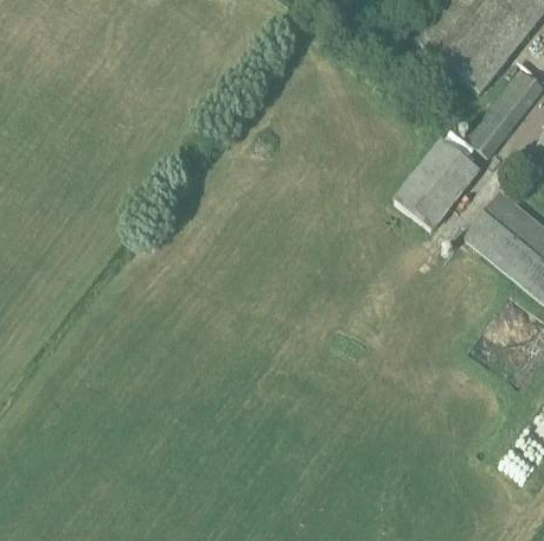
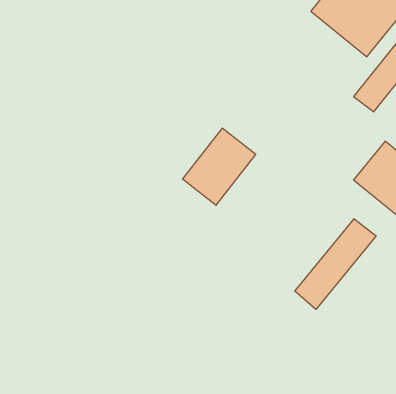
building: [393,140,479,230] -> [183,128,256,205]
building: none -> [295,219,376,309]

